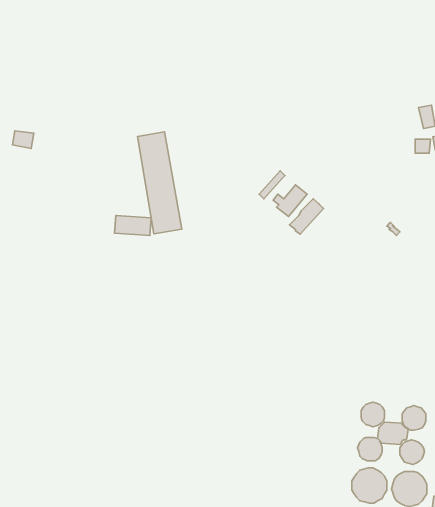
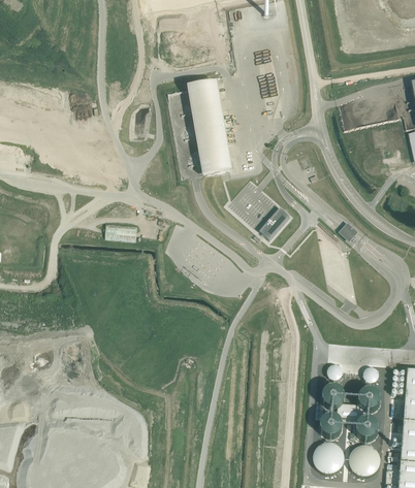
building: [137,132,182,234] -> [191,83,230,172]

